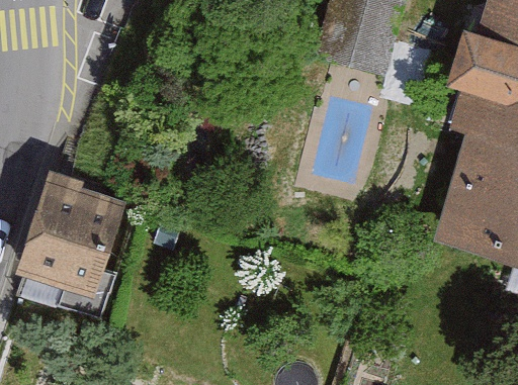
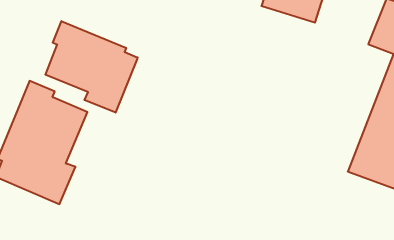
building: none -> [45,21,138,113]

